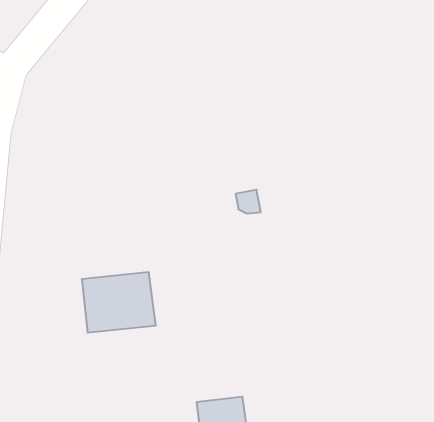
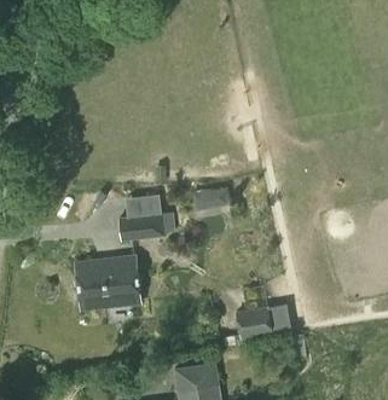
building: none -> [117,213,163,242]
building: none -> [236,307,271,340]

